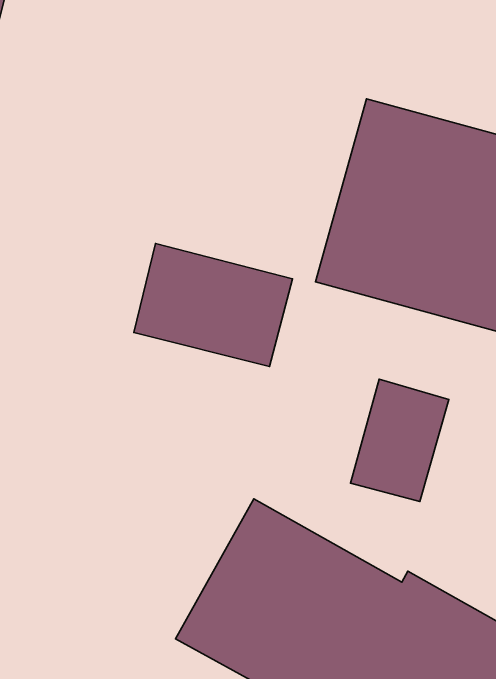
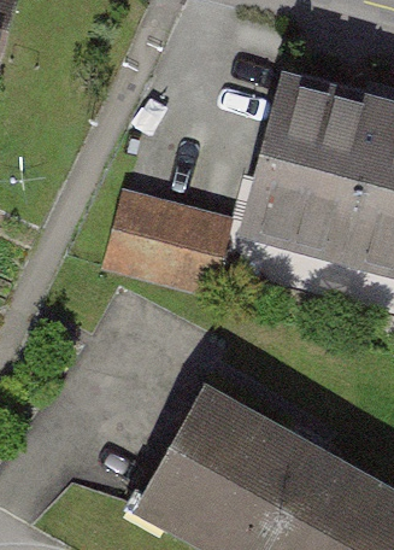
building: [351,379,449,502] -> none

